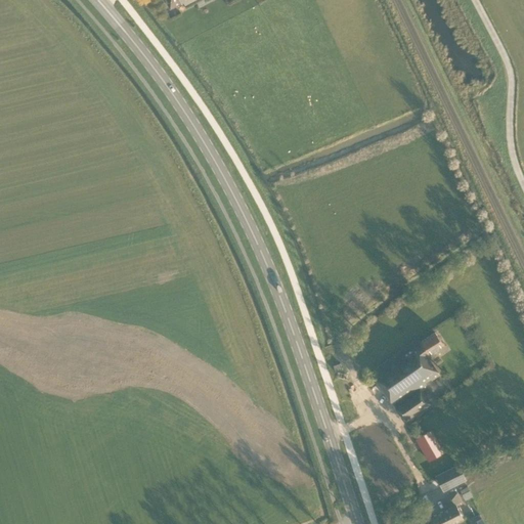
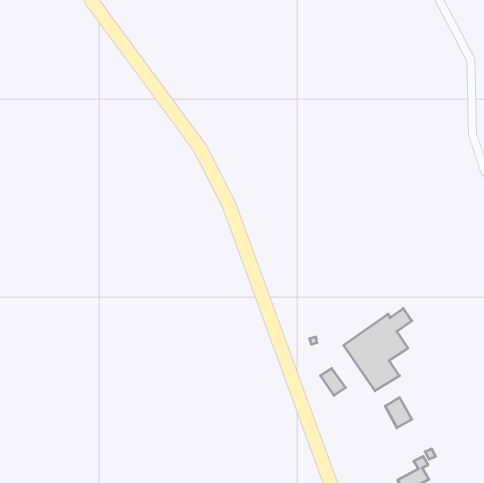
building: none -> [320,368,346,396]
building: [436,466,467,493] -> none

